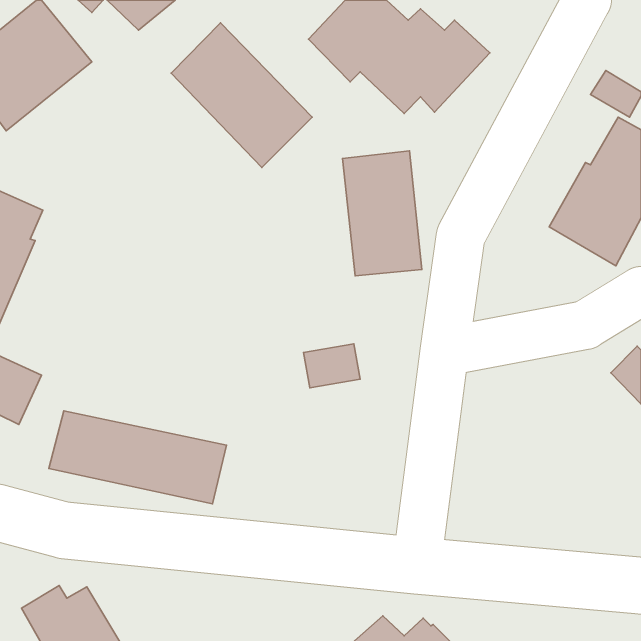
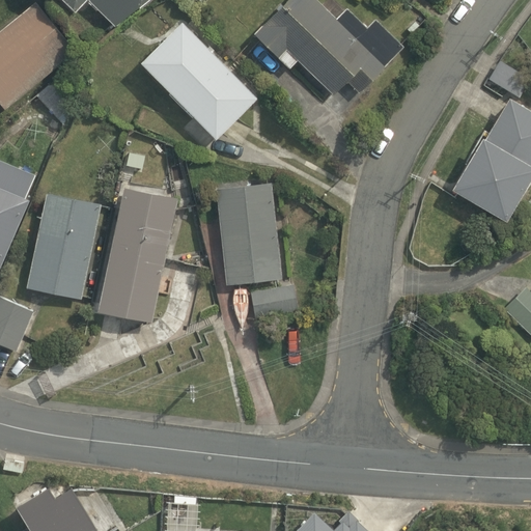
building: [343,151,422,276] -> [216,183,281,285]
building: none -> [97,187,178,323]
building: none -> [26,193,101,299]
building: [49,411,226,504] -> none

